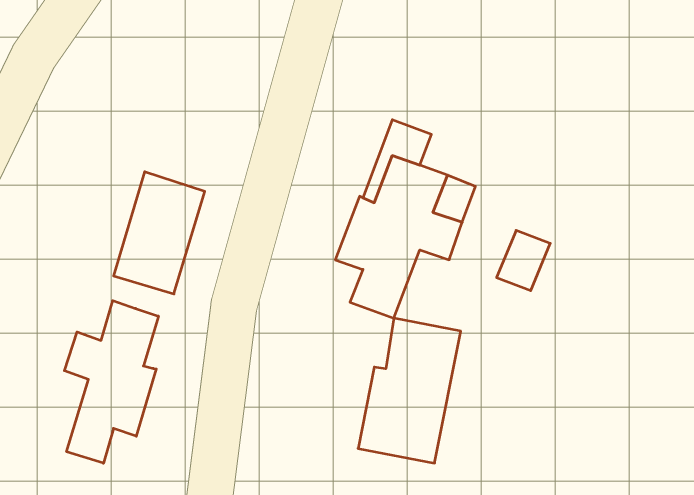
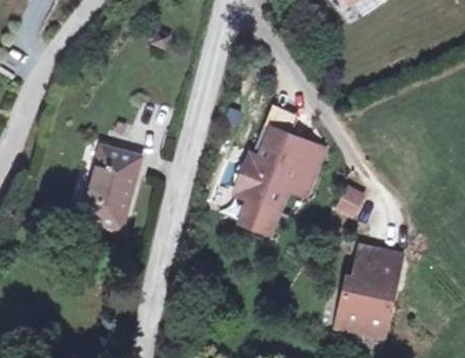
building: [64,301,158,463] -> none
building: [358,318,461,463] -> [333,243,397,334]

